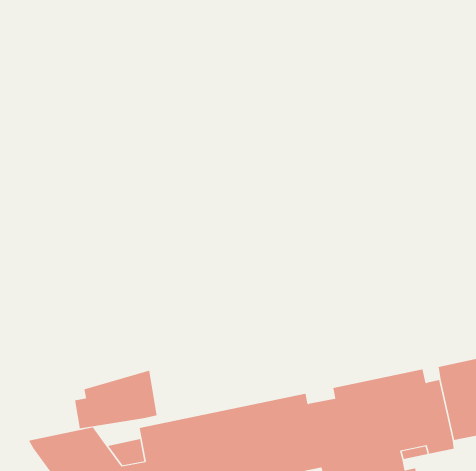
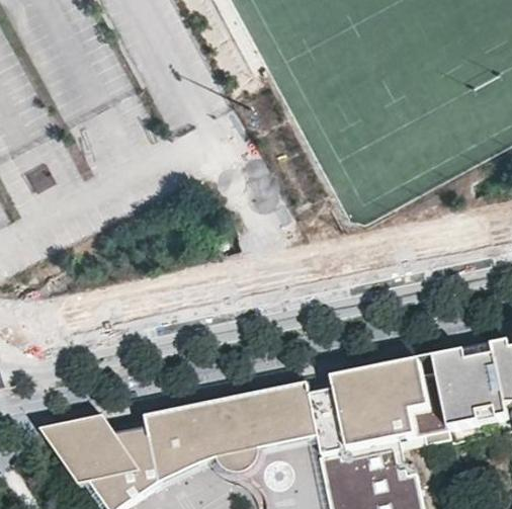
building: [74,370,157,429] -> none

